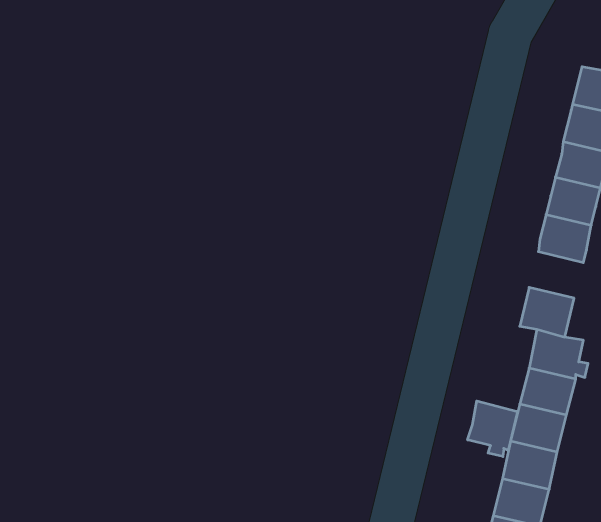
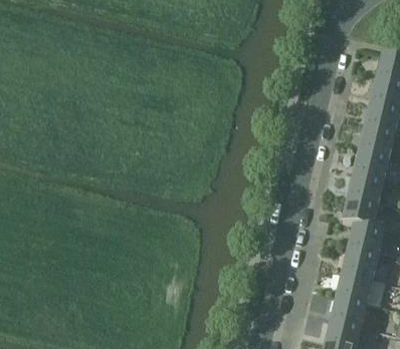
building: none -> [349,168,384,199]
building: [468,401,517,457] -> none

